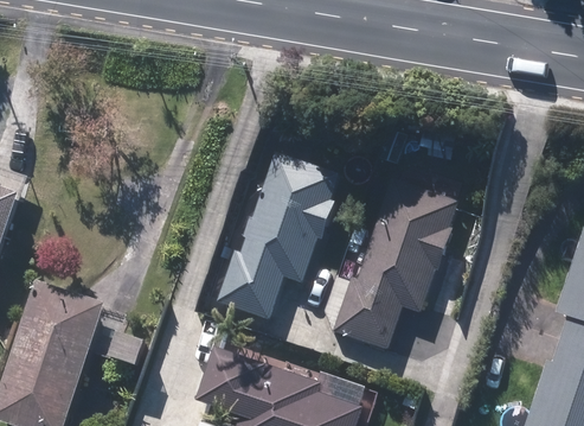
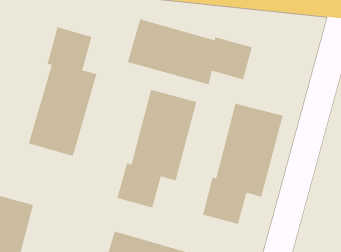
building: none -> [127,18,252,85]
building: none -> [28,27,97,157]

